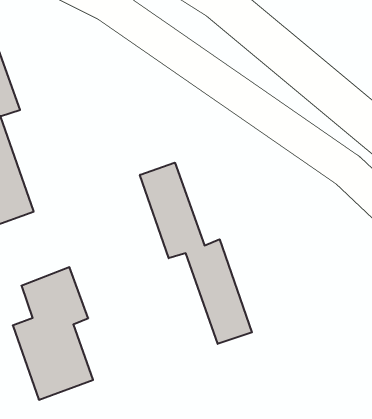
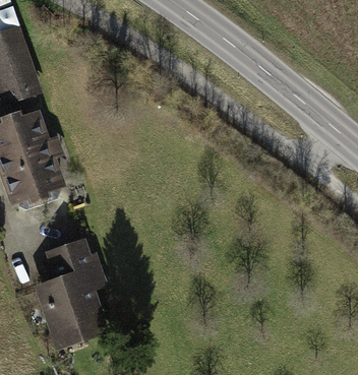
building: [140,163,252,344] -> none

